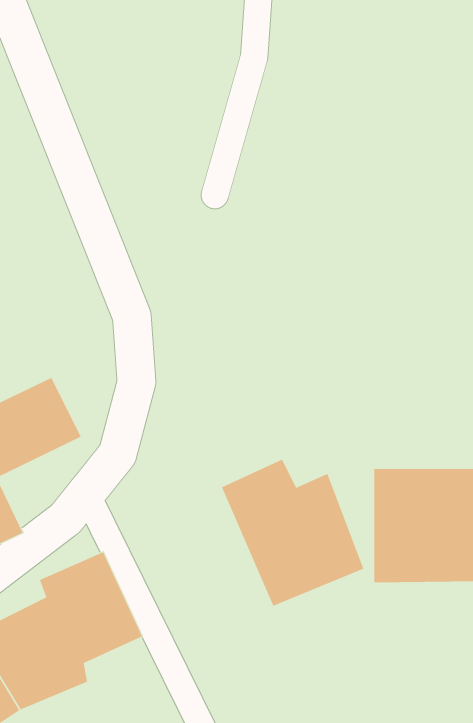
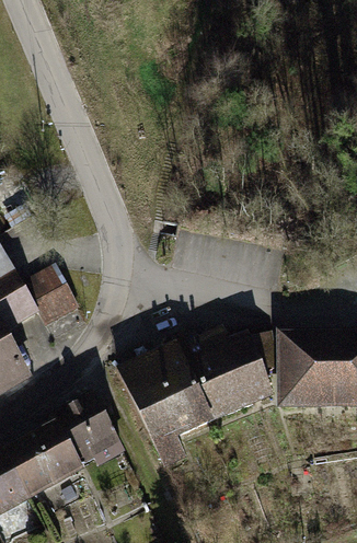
building: none -> [120,345,211,478]

